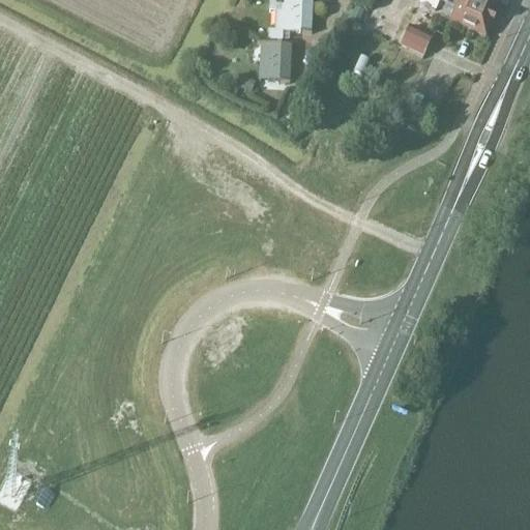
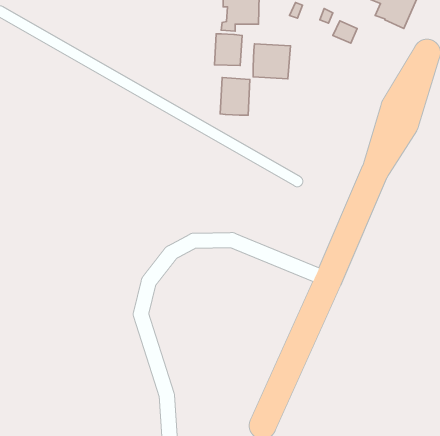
building: none -> [253,44,290,79]
building: none -> [220,77,250,115]

